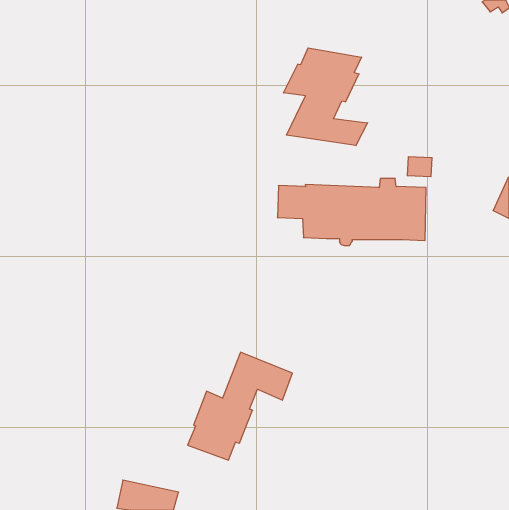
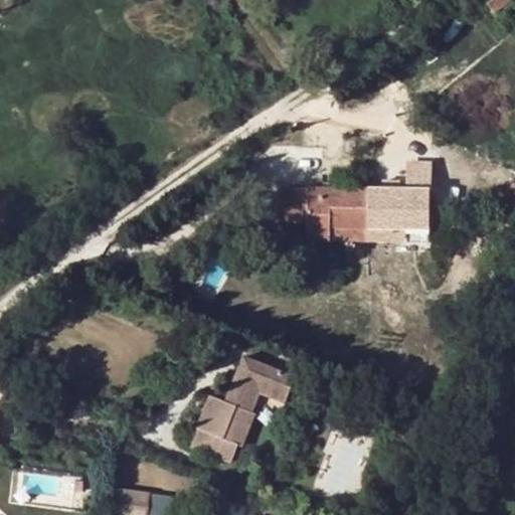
building: [284,48,368,146] -> none

